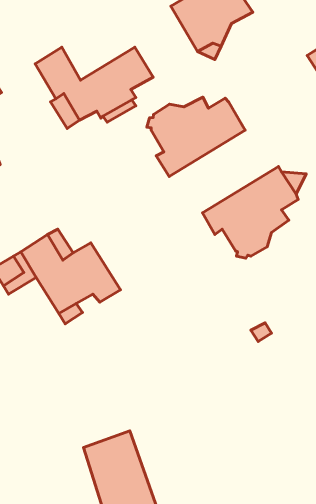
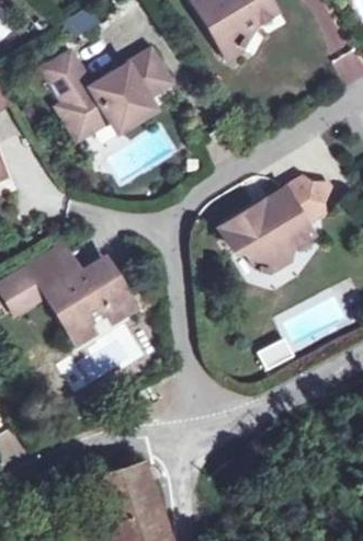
building: [147,97,245,176] -> none

